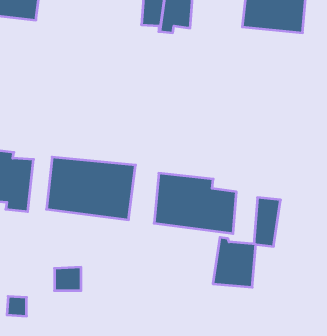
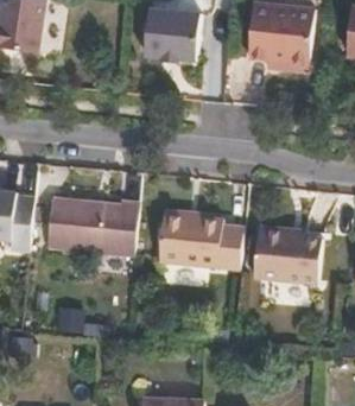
building: [213,237,256,287] -> [281,236,325,287]

